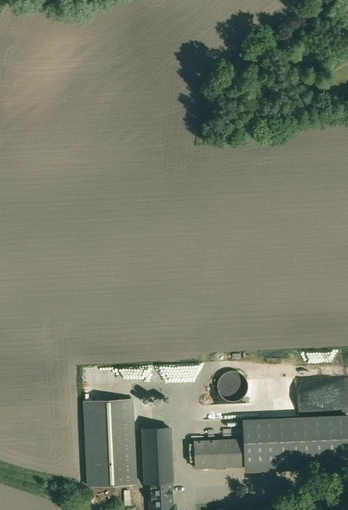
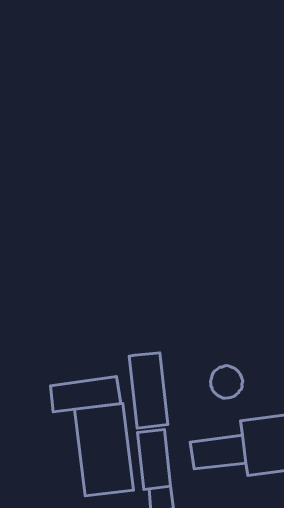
building: none -> [129,353,168,428]
building: none -> [50,377,121,412]

